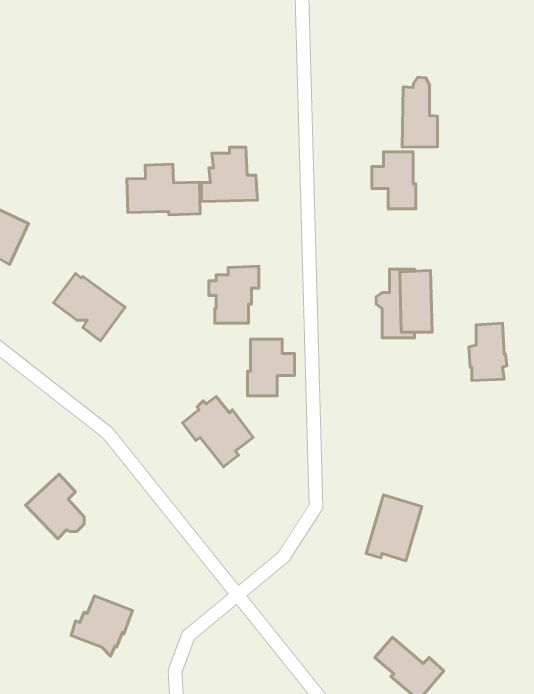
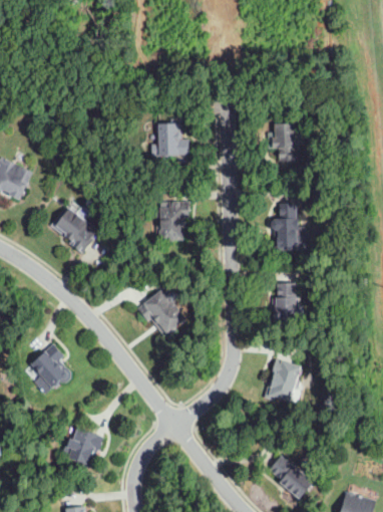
building: [402,77,438,147] -> none
building: [127,164,200,215] -> none
building: [469,323,507,380] -> [271,282,297,321]
building: [248,339,295,396] -> none

